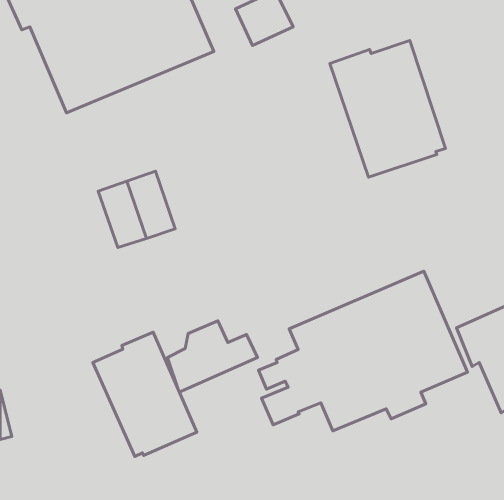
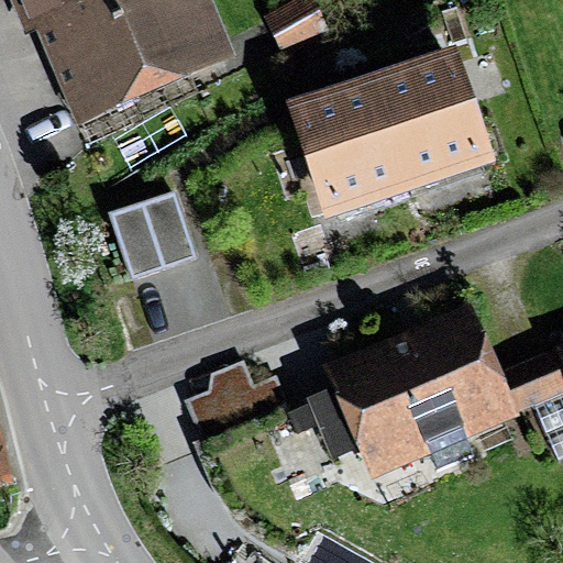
building: none -> [287,70,411,221]
building: [93,332,197,457] -> none

